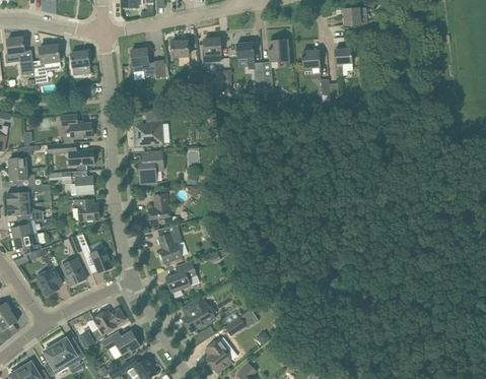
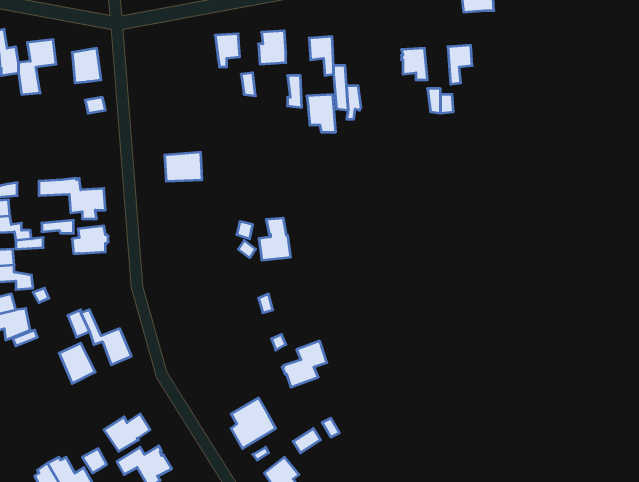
building: [268,40,288,66] -> [307,95,336,132]
building: [130,48,165,77] -> none
building: [57,114,92,142] -> none
building: [138,149,163,183] -> none
building: [148,193,170,223] -> [259,218,291,260]
building: [77,198,98,220] -> none
building: [156,224,182,263] -> none
building: [164,259,196,292] -> [282,341,327,387]
building: [37,267,62,295] -> none

